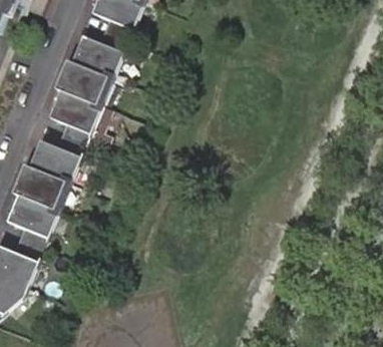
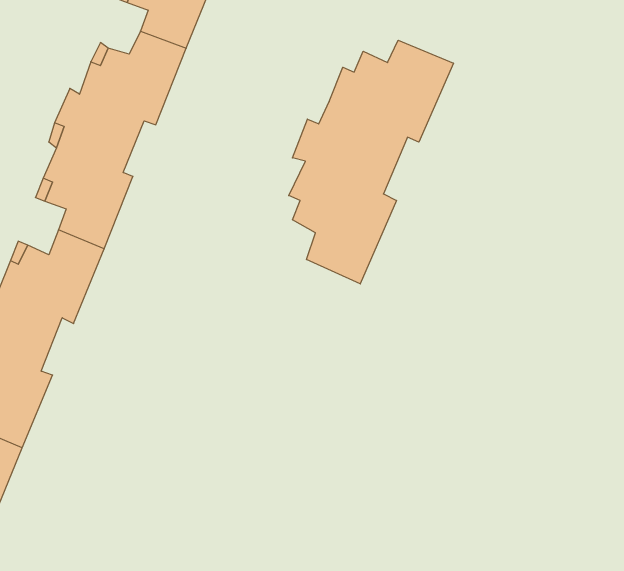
building: none -> [289,40,453,284]

